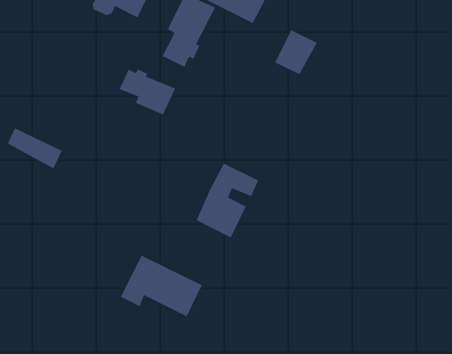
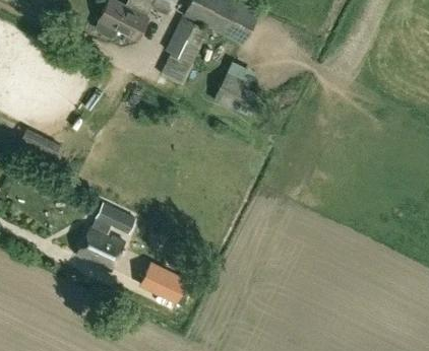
building: [274,29,318,75] -> [213,67,253,109]
building: [119,68,176,116] -> none
building: [195,162,259,239] -> [79,199,137,268]

